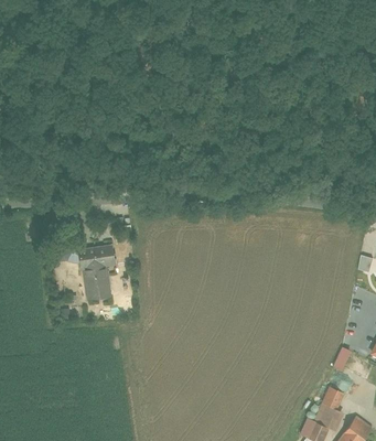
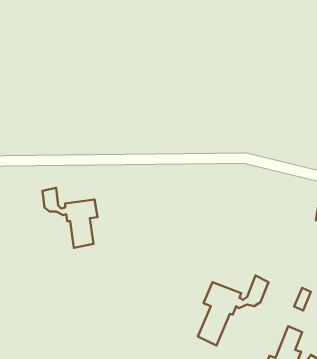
building: none -> [198,276,268,346]

